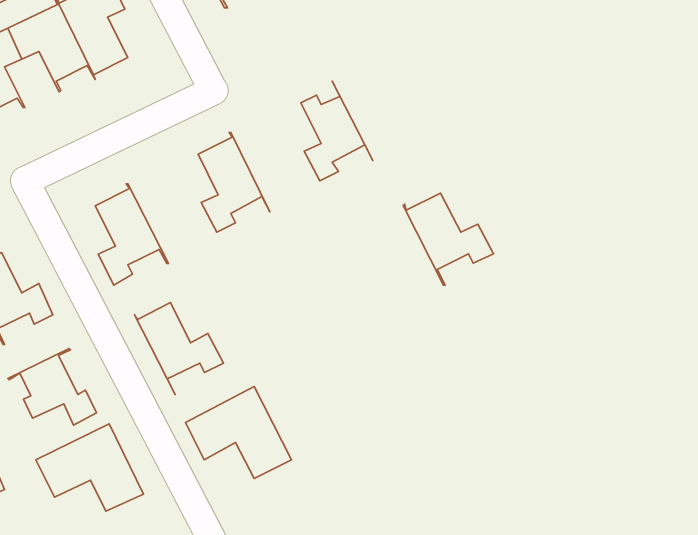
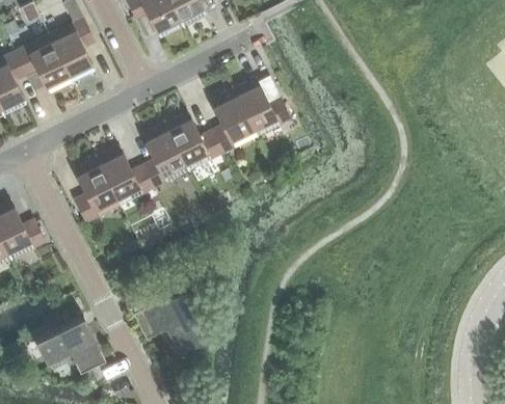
building: none -> [163,113,222,174]
building: [403,193,493,285] -> [231,79,291,140]
building: [134,302,223,394] -> [95,147,154,209]
building: [8,349,96,425] -> none

